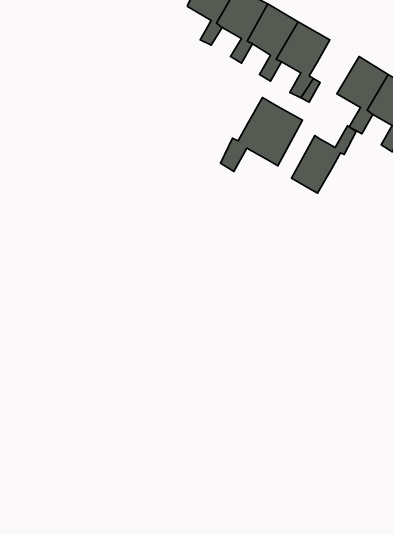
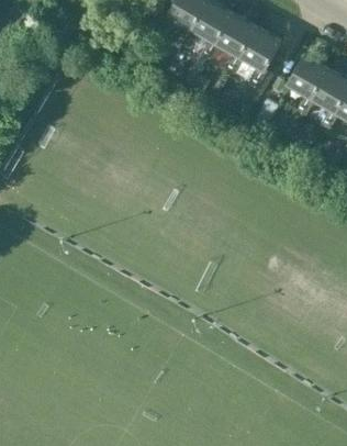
building: [221,97,303,171] -> none
building: [291,126,356,193] -> none

